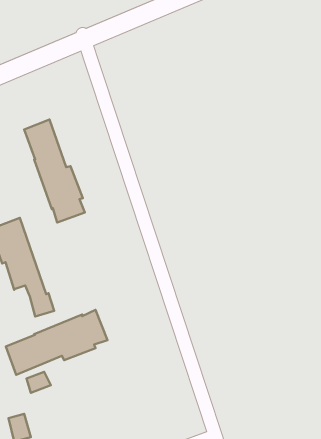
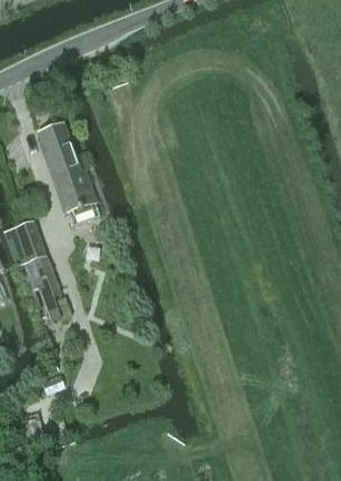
building: [6,310,108,375] -> none

